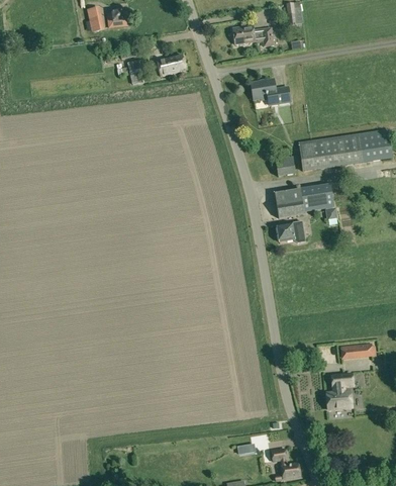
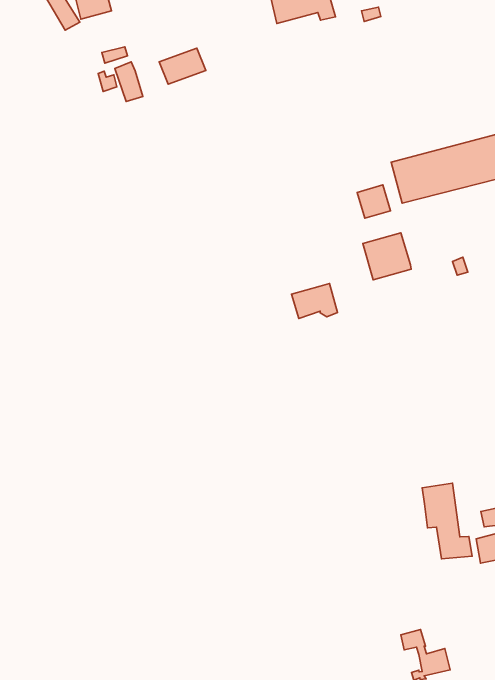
building: [251,79,291,104] -> none
building: [300,184,333,210] -> none
building: [277,221,305,242] -> [291,284,337,318]
building: none -> [422,483,472,559]

